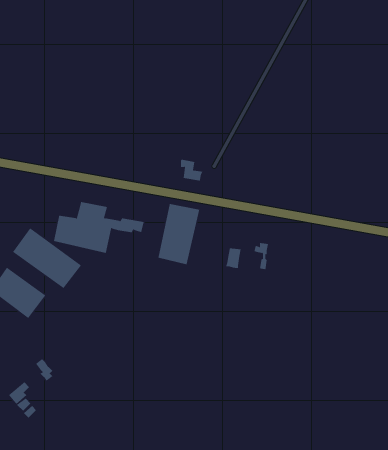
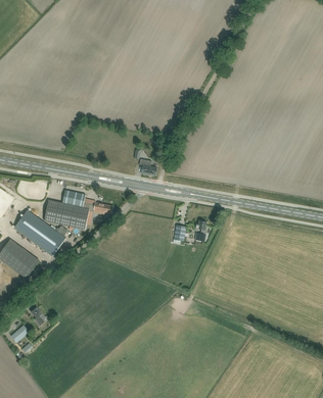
building: [158,203,200,265] -> none

